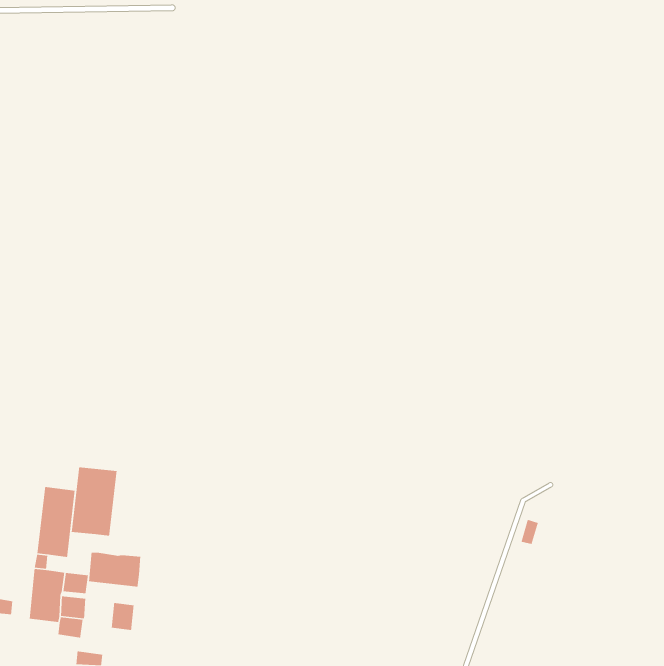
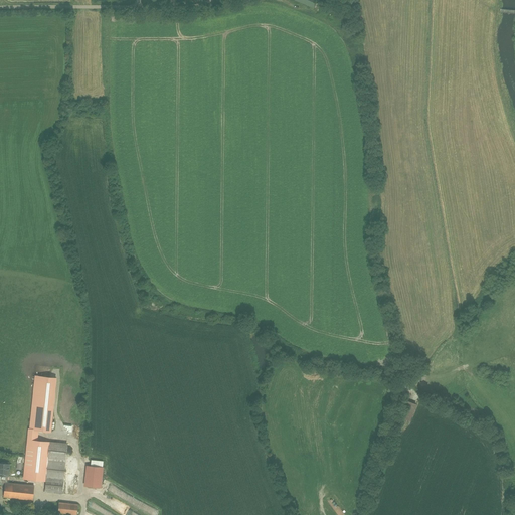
building: [71,466,118,537] -> none
building: [88,552,141,588] -> none
building: none -> [4,483,35,501]

